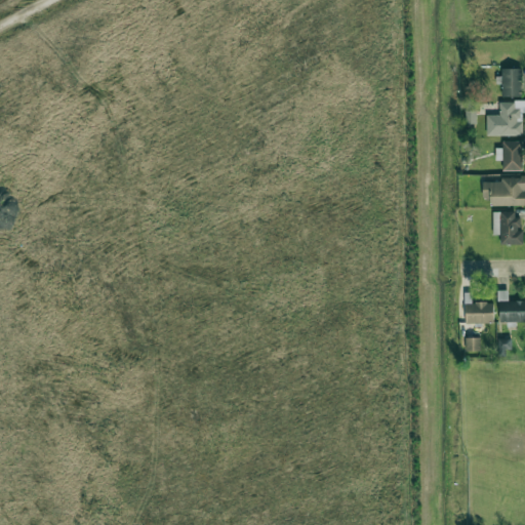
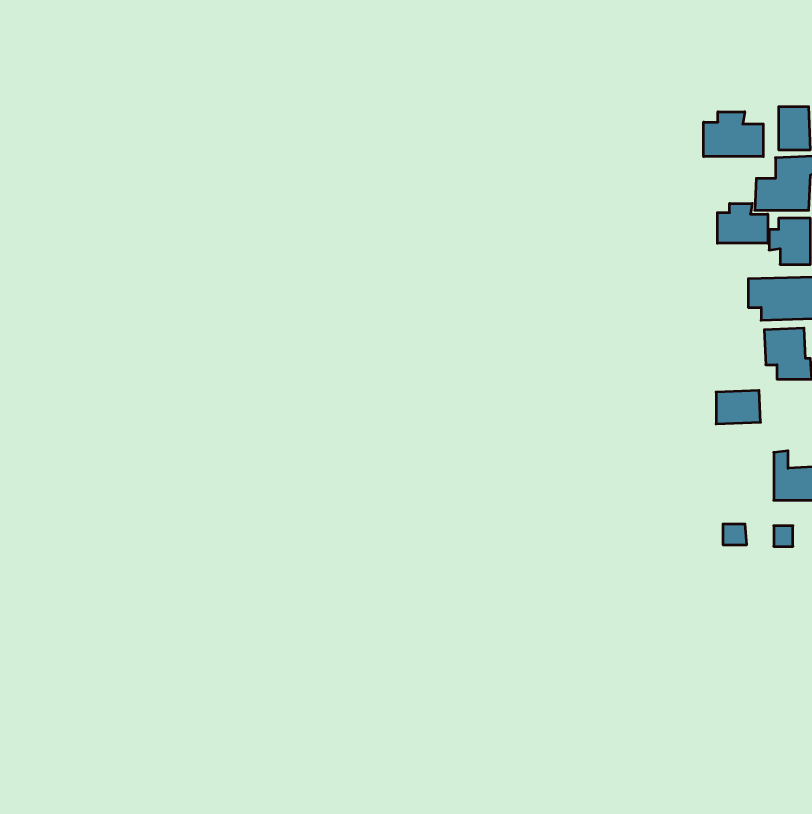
building: none -> [704,112,763,157]
building: none -> [717,203,768,243]
building: [467,302,495,324] -> [716,390,761,424]

